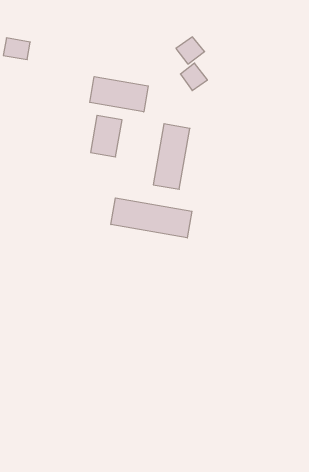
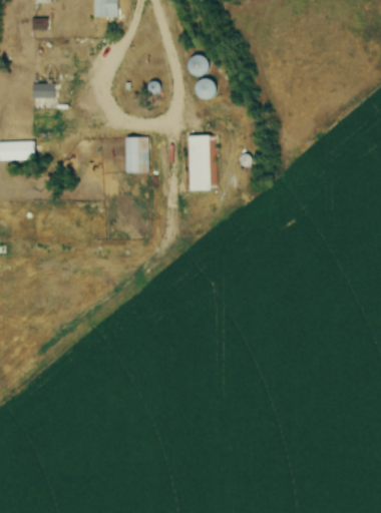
building: [90,77,148,112] -> none
building: [111,198,192,238] -> none

